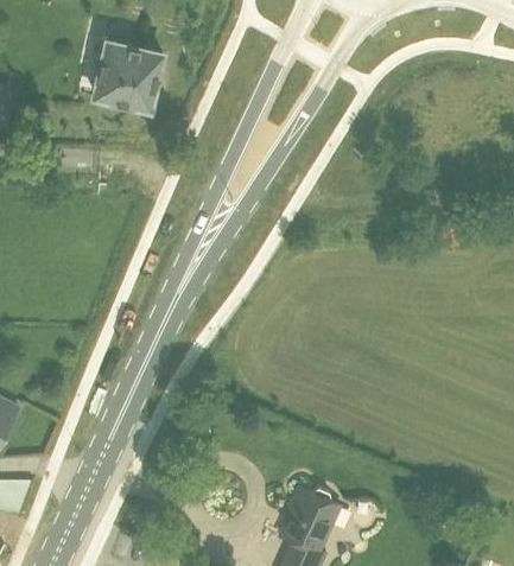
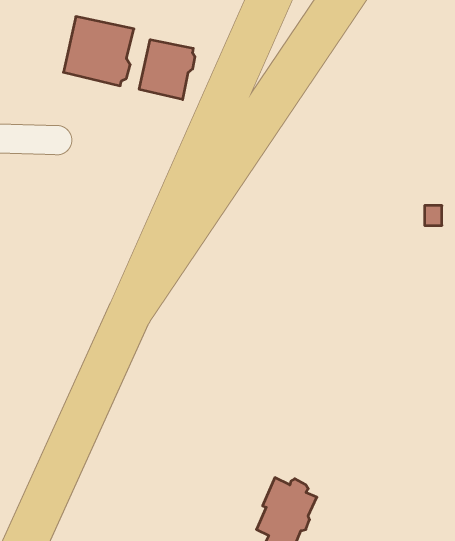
building: none -> [139,40,195,100]

